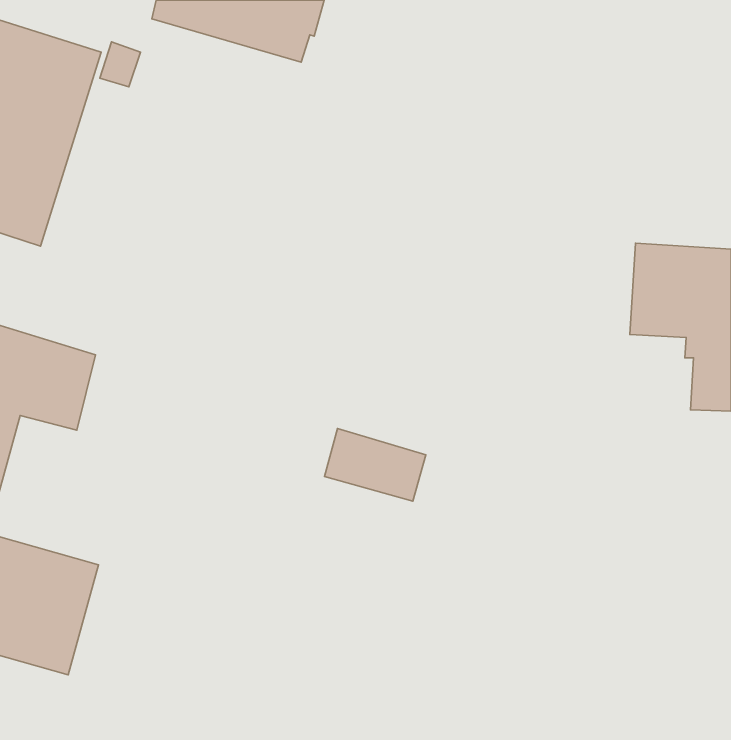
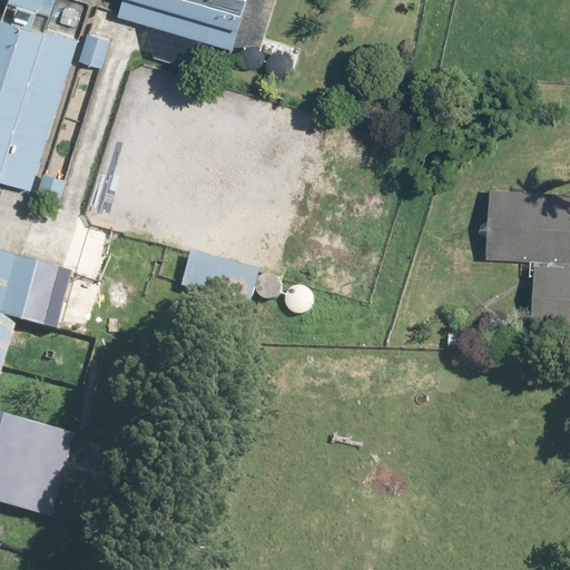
building: [325,429,426,501] -> [181,250,259,306]

